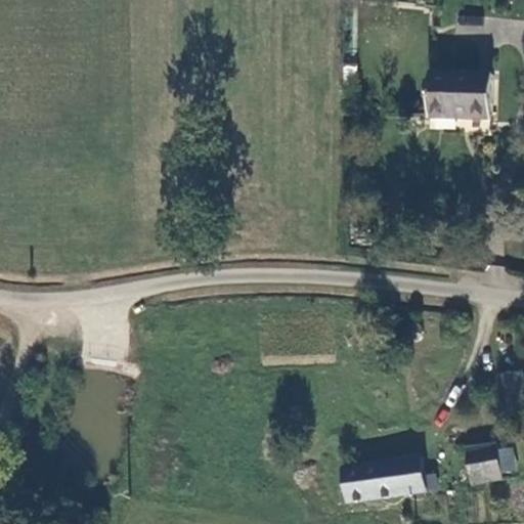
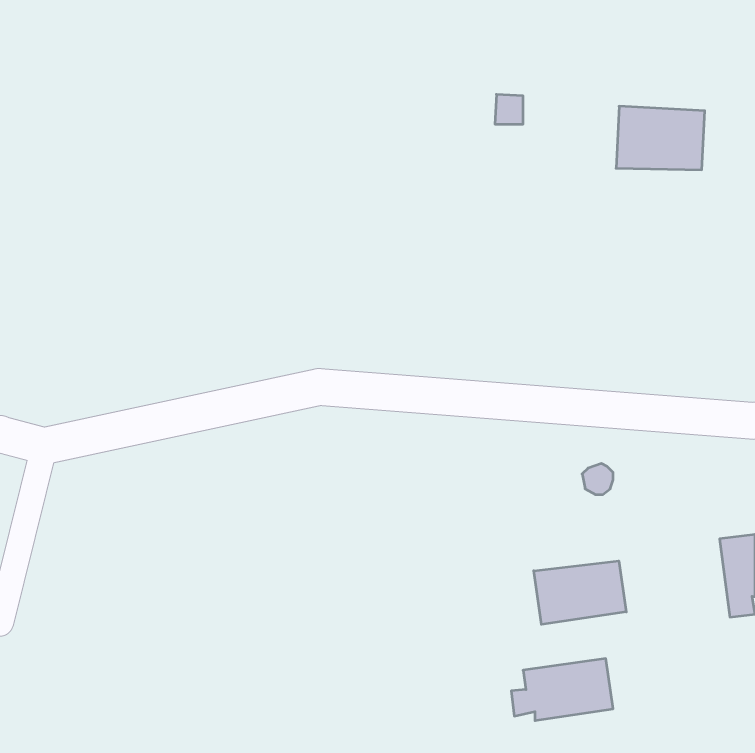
building: none -> [534,561,626,624]
building: [468,444,511,484] -> none

